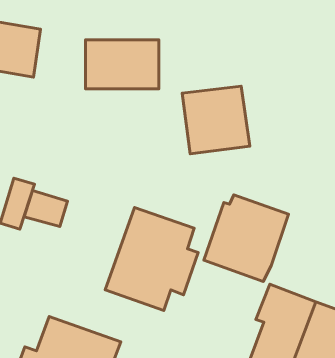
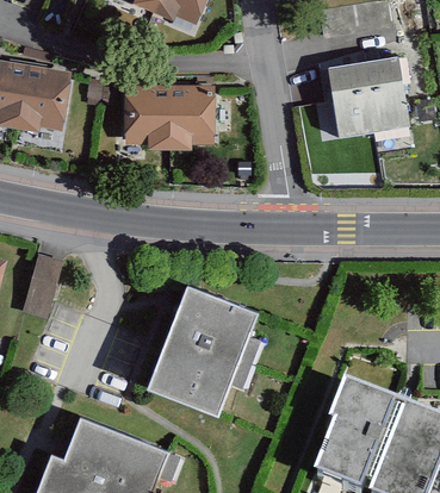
building: [182,86,250,154] -> [330,52,413,135]
building: [24,190,68,227] -> none
building: [204,195,289,282] -> none

